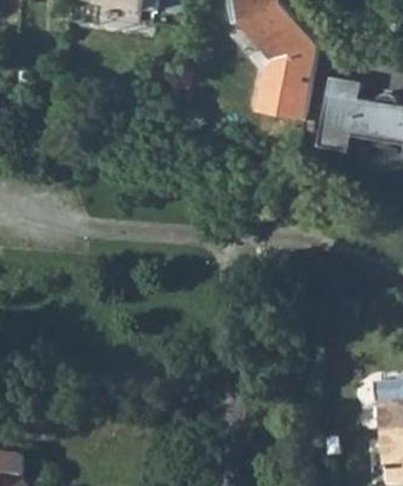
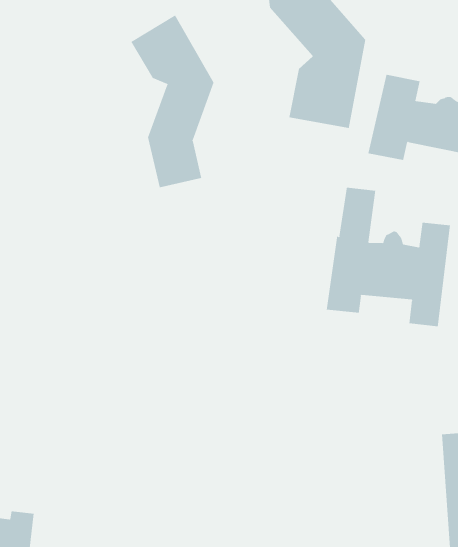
building: none -> [131,14,214,188]
building: none -> [326,187,451,327]

